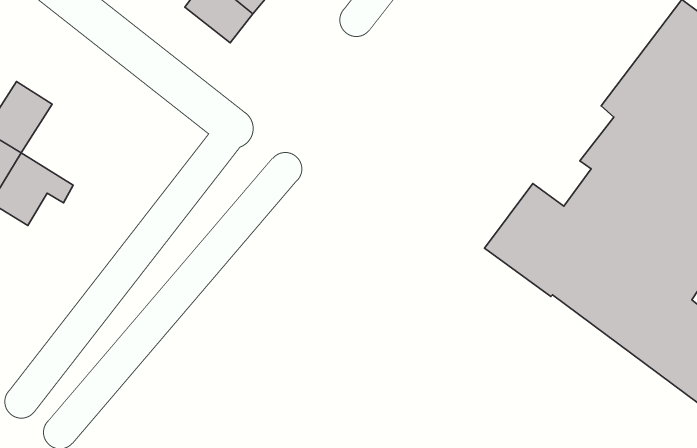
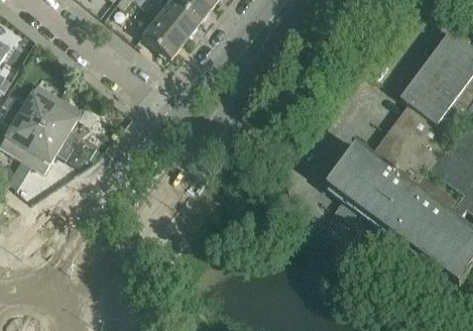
building: none -> [39,97,81,147]

